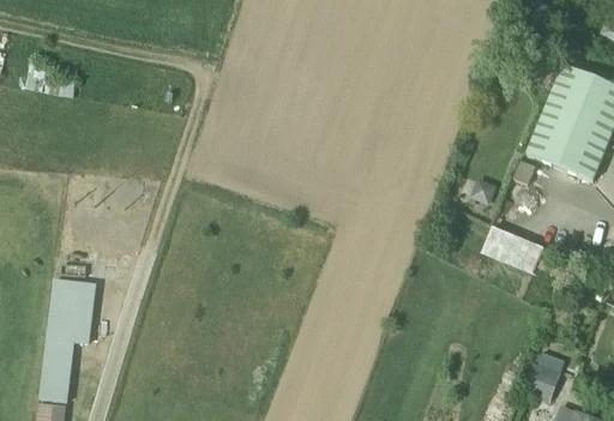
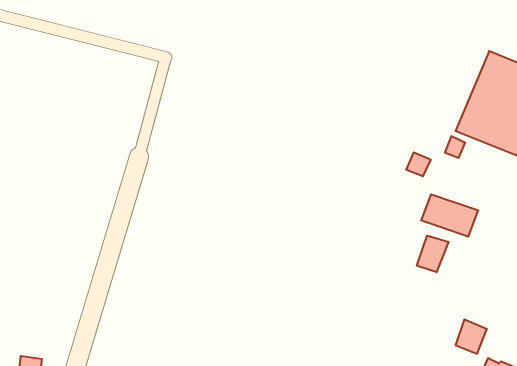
building: none -> [417,236,448,272]
building: [42,277,95,401] -> none

